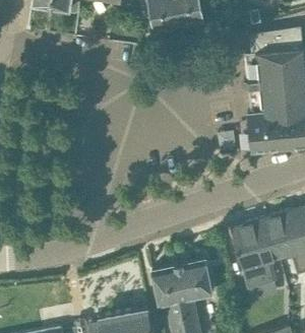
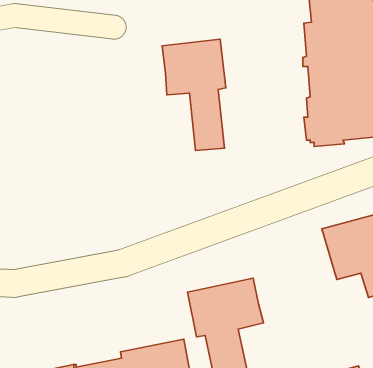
building: none -> [162,39,226,151]
building: [230,218,277,287] -> none

